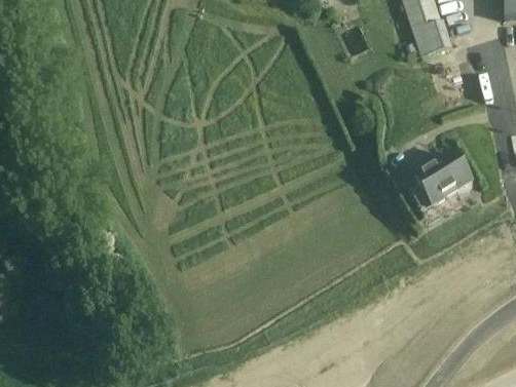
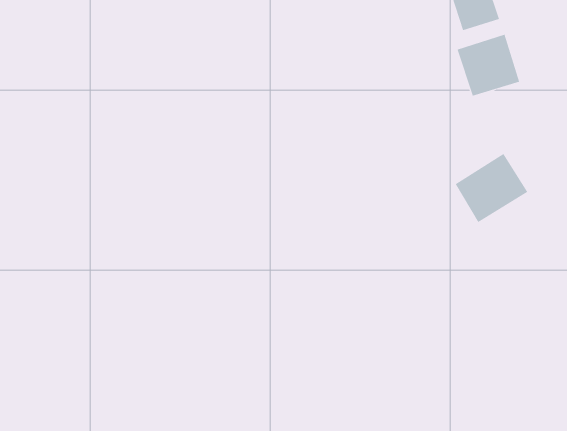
building: none -> [457,34,520,97]

